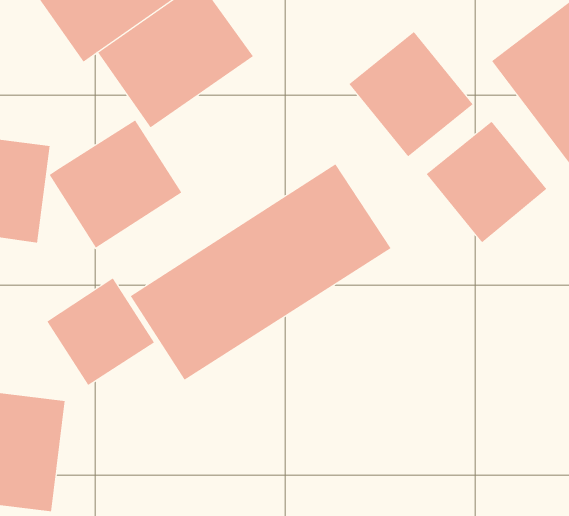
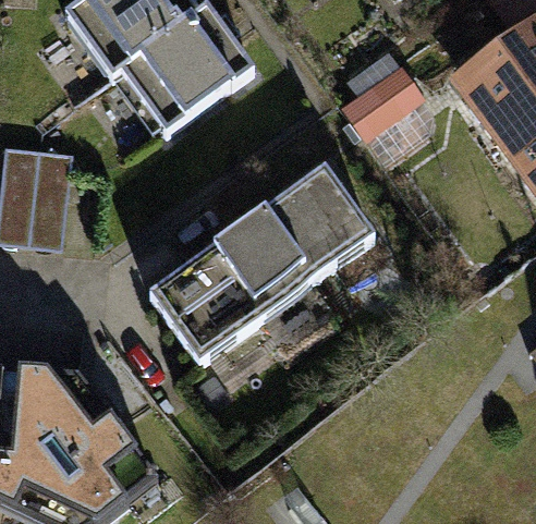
building: [49,120,182,249] -> none
building: [426,121,547,243] -> none
building: [47,277,155,386] -> none

